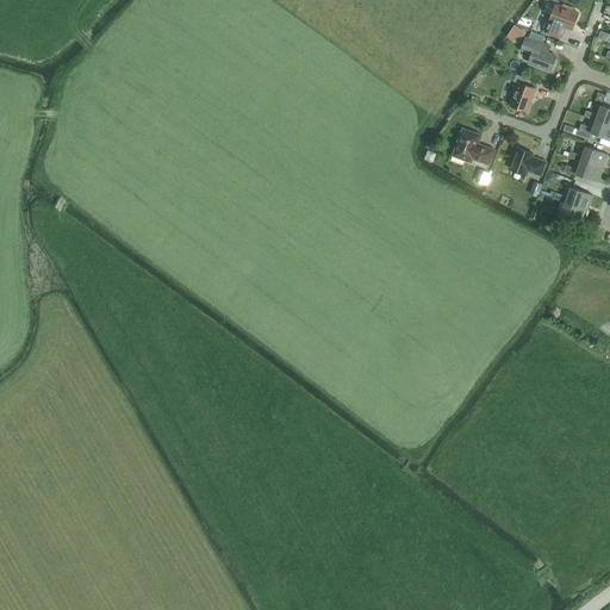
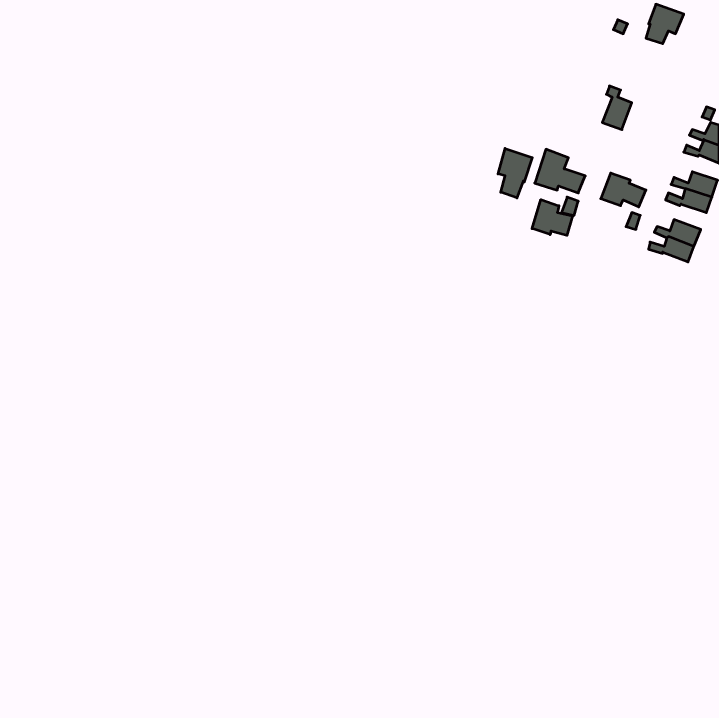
building: [521,36,556,69] -> none
building: none -> [498,148,532,198]
building: none -> [532,200,573,235]

